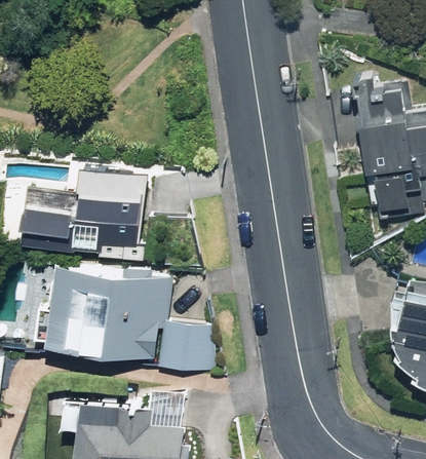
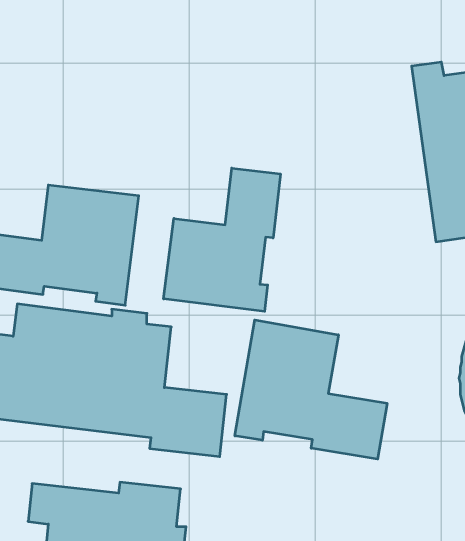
building: none -> [164,168,280,311]
building: none -> [235,320,387,459]

